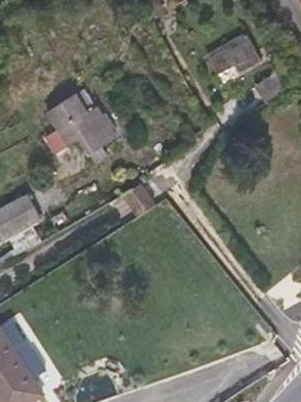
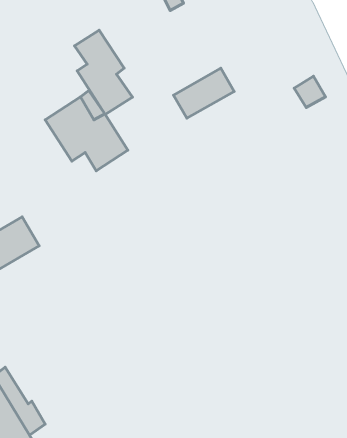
building: [204,34,255,76] -> [173,68,234,118]
building: none -> [75,30,133,114]

